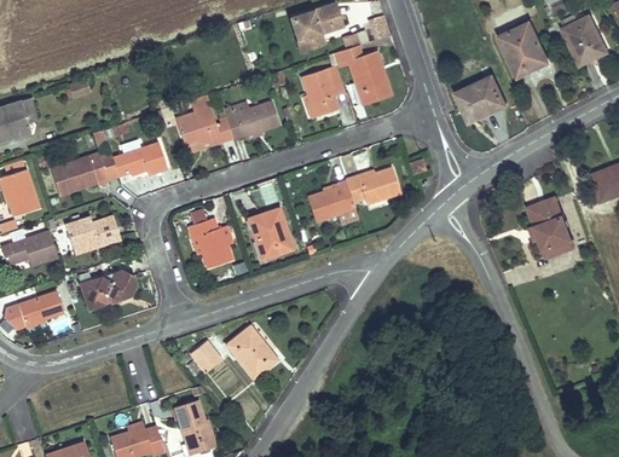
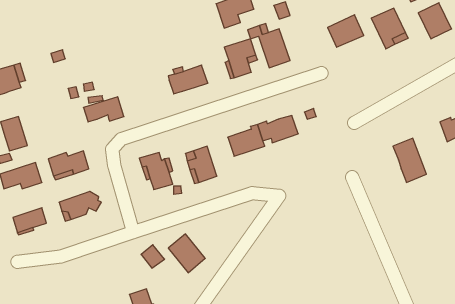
building: [456,79,504,122] -> [328,15,364,47]
building: [174,106,233,146] -> none
building: [51,152,118,195] -> none

